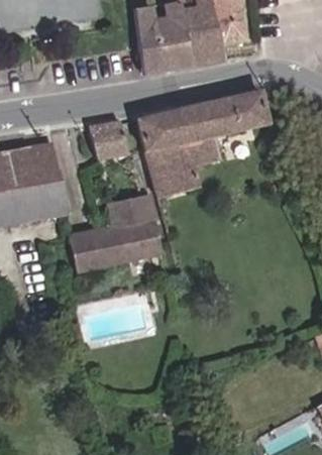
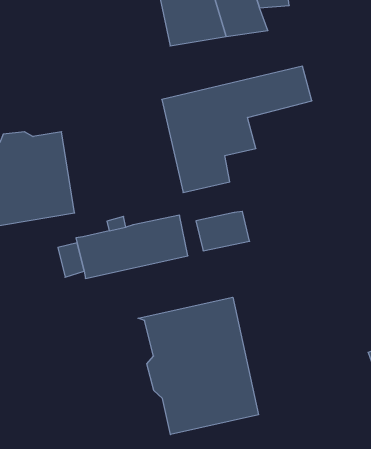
building: [89,123,129,156] -> none
building: [108,192,153,225] -> [196,211,250,251]
building: none -> [138,297,258,435]

